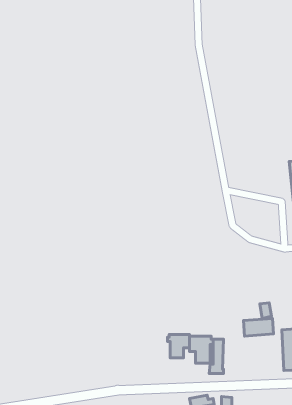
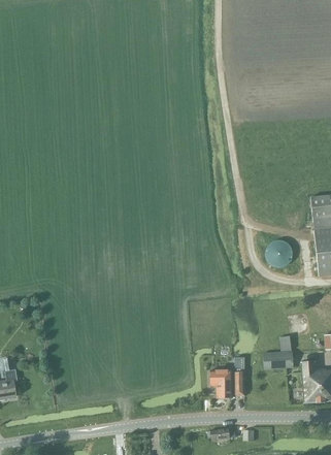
building: none -> [269,241,293,265]
building: [167,334,189,358] -> none

